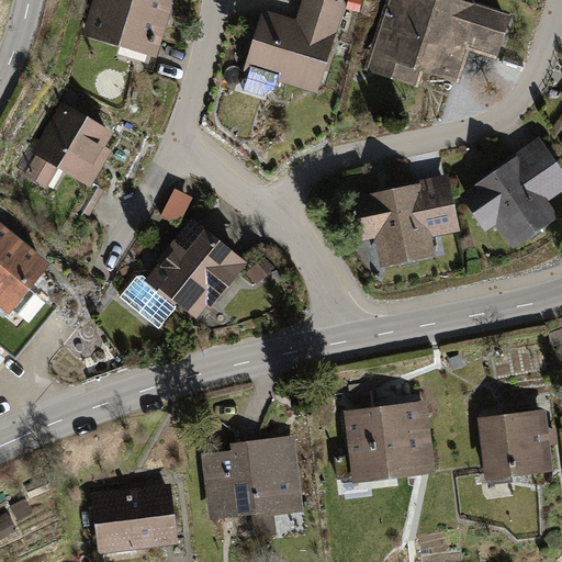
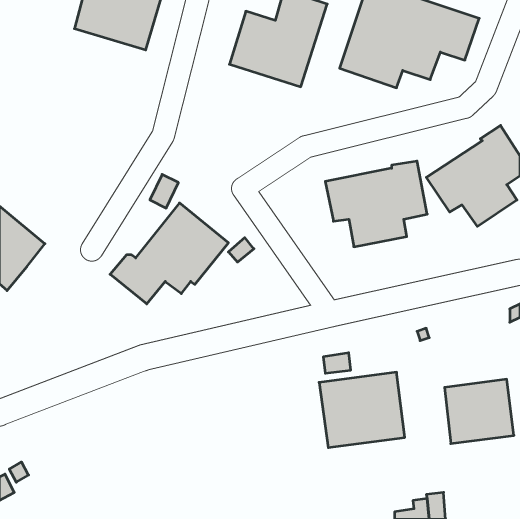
building: [23,100,113,187] -> none
building: [201,436,301,535] -> none
building: [92,484,177,552] -> none

